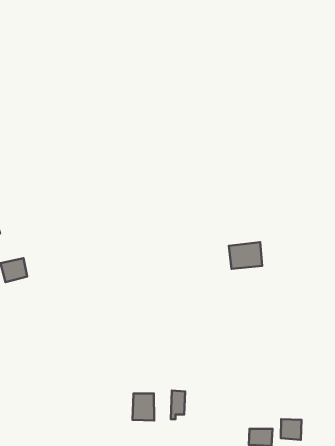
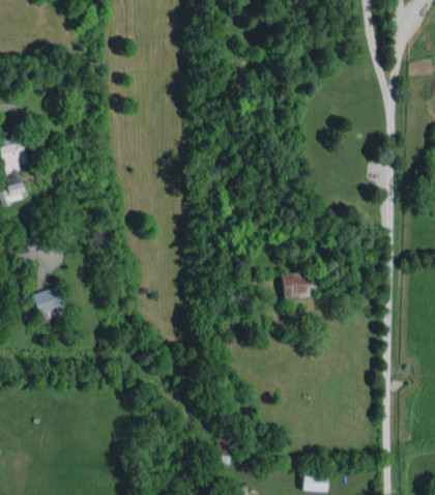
building: [132,393,154,420] -> none
building: [281,419,302,440] -> none

